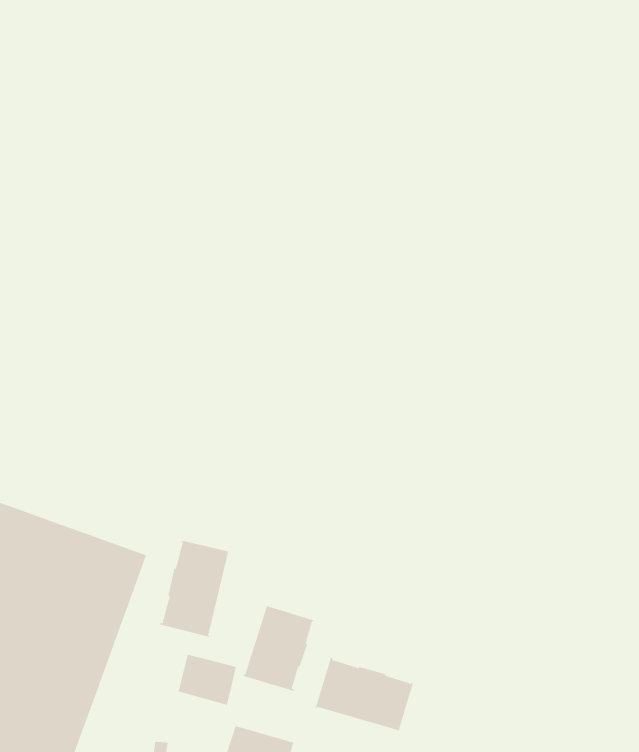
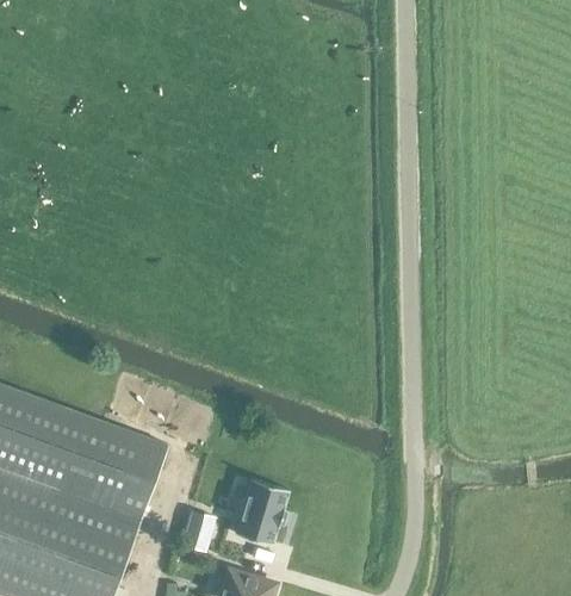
building: [159,540,231,637] -> none
building: [315,656,413,733] -> none

